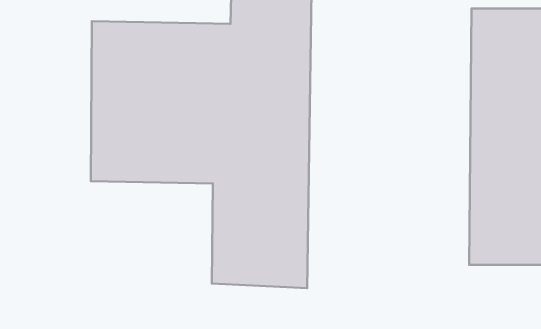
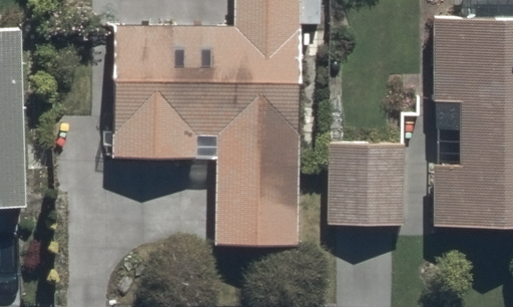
building: none -> [329,137,403,226]

